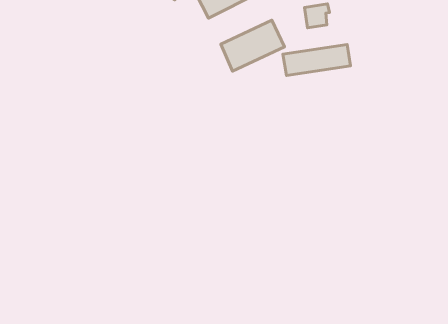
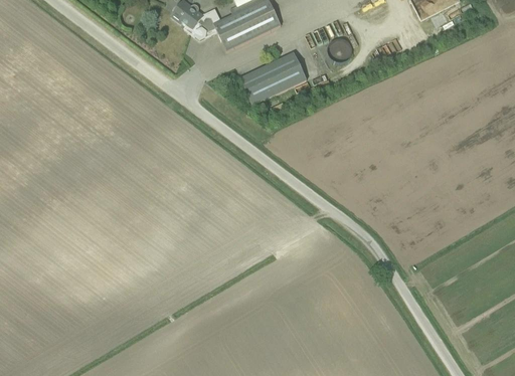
building: [283,45,351,76] -> none

